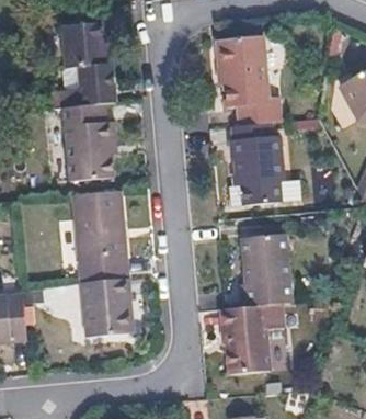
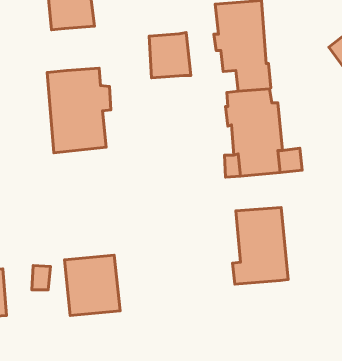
building: [79,63,118,105] -> [149,33,191,78]
building: [71,192,126,284] -> none
building: [222,304,285,375] -> none

